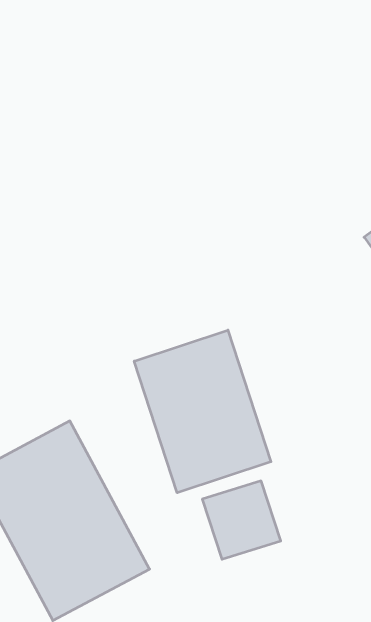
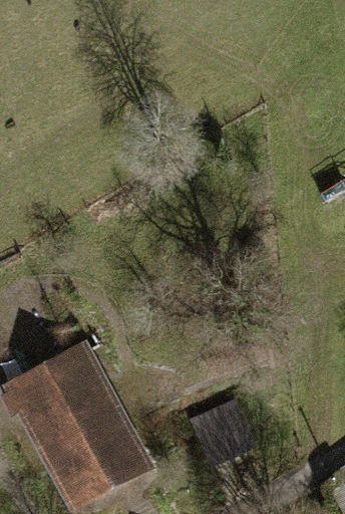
building: [134,330,271,493] -> none

